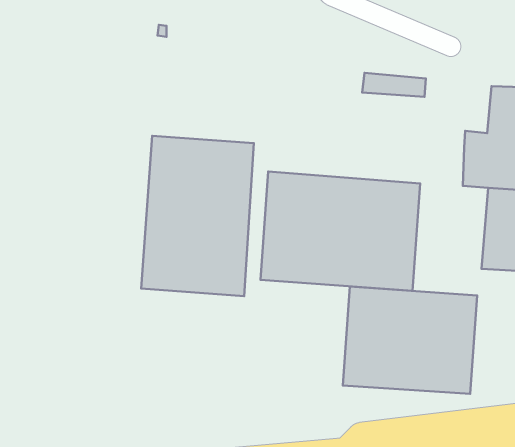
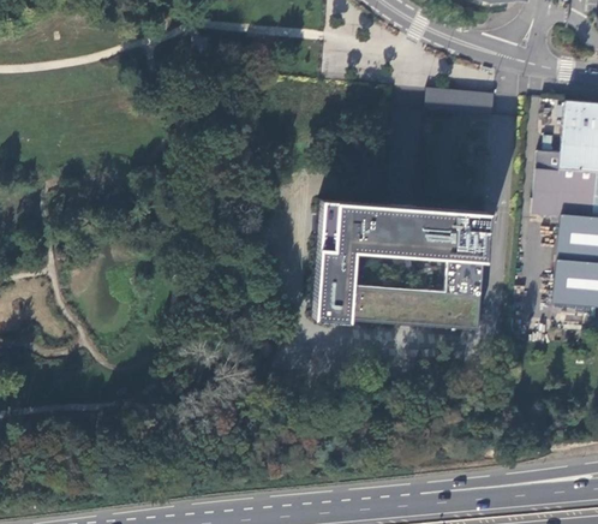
building: [141,136,254,296] -> none
building: [343,286,477,394] -> none

